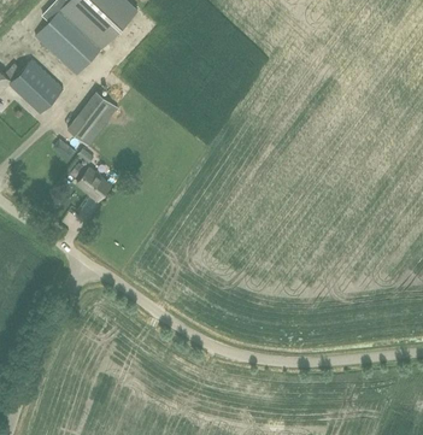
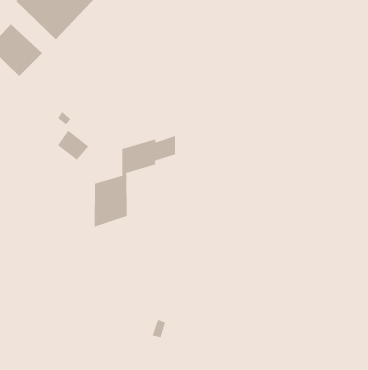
building: [69,90,117,146] -> none
building: none -> [94,135,176,227]

